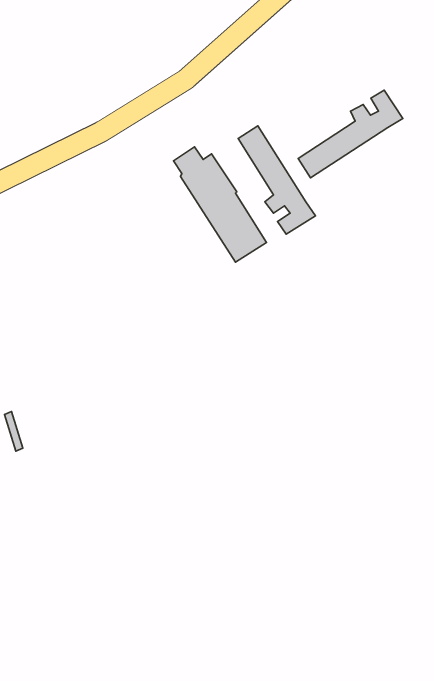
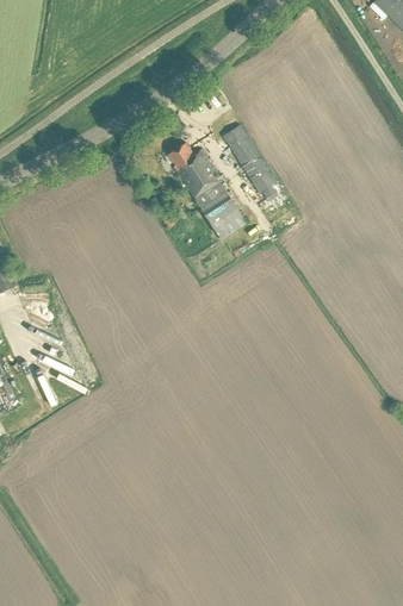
building: [298,90,403,178] -> none

